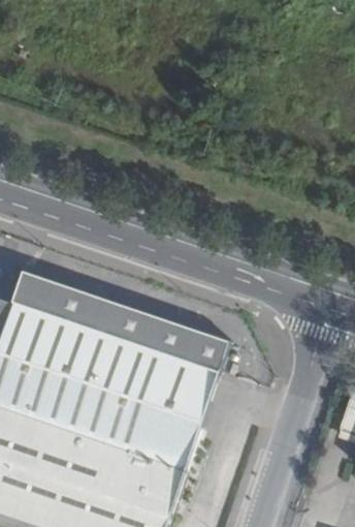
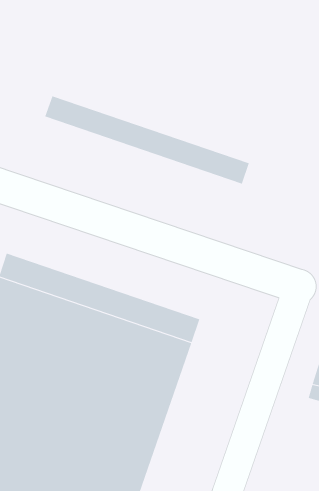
building: none -> [45,96,250,184]

